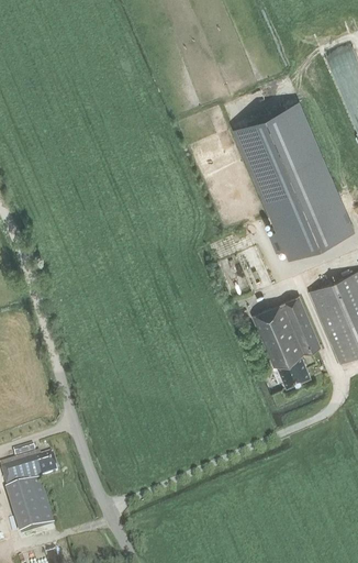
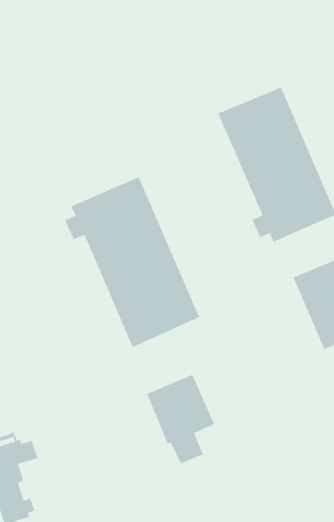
building: none -> [64,176,200,348]
building: [253,298,321,388] -> [146,374,215,465]

